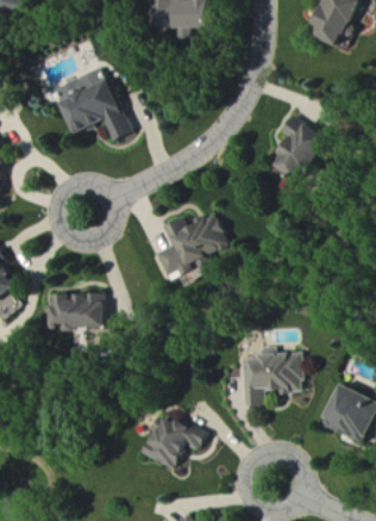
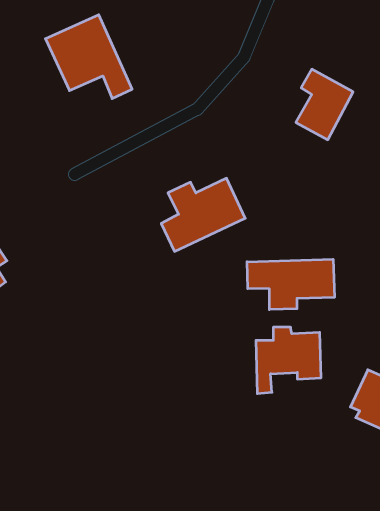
building: none -> [247,259,334,310]
building: [50,293,105,328] -> none
building: [142,413,207,470] -> none

